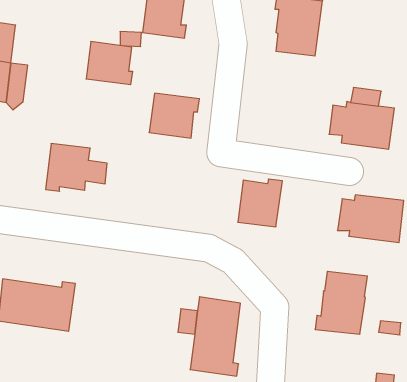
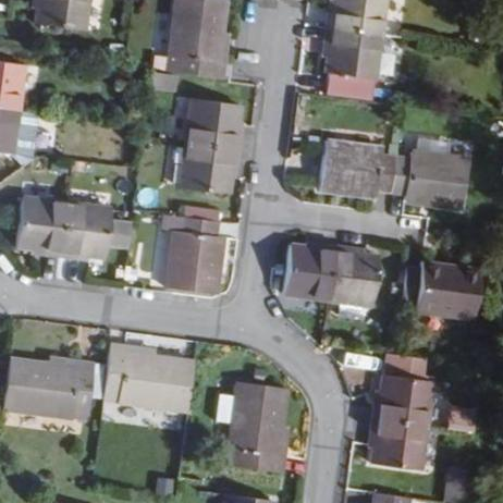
building: [86,42,133,85] -> [187,100,242,150]
building: none -> [317,143,395,197]
building: none -> [16,197,66,256]
building: none -> [163,216,224,294]
building: none -> [329,246,379,305]
building: none -> [105,344,194,410]
building: none -> [372,419,427,470]

